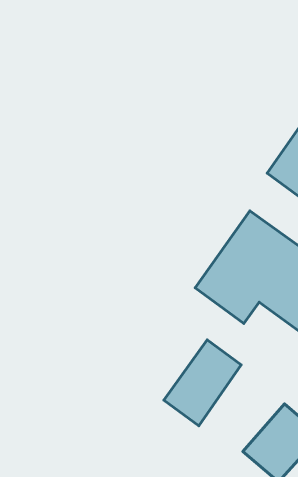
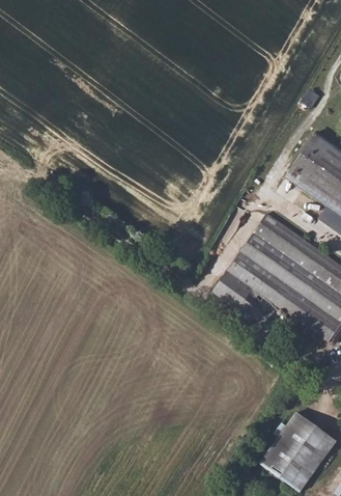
building: [164,340,241,426] -> none

